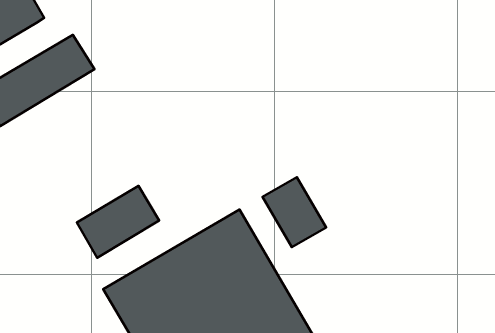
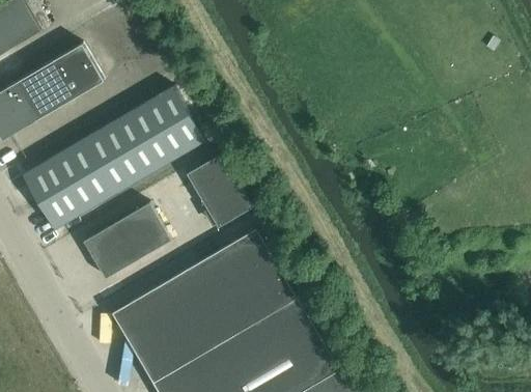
building: none -> [22,86,204,231]
building: [262,177,326,247] -> [186,155,253,228]

